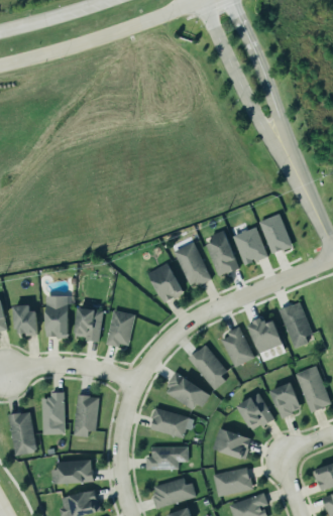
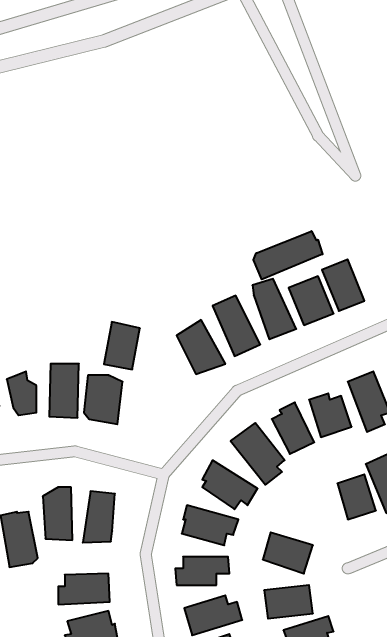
building: none -> [253,231,323,279]
building: [107,309,135,347] -> [104,322,140,369]
building: [237,393,273,431] -> none

